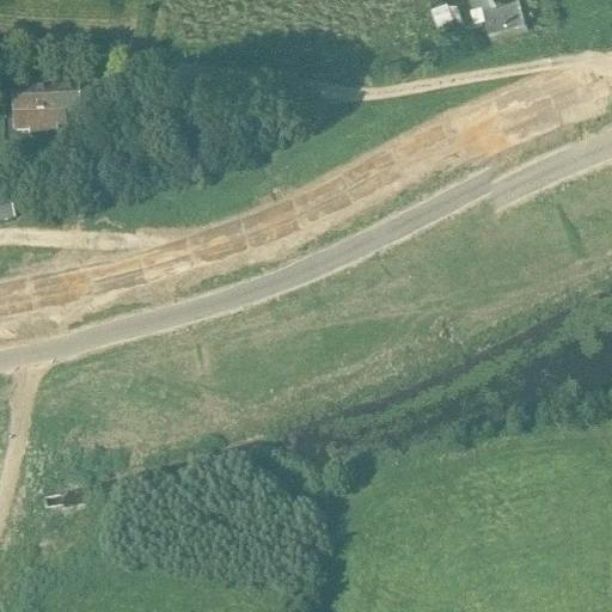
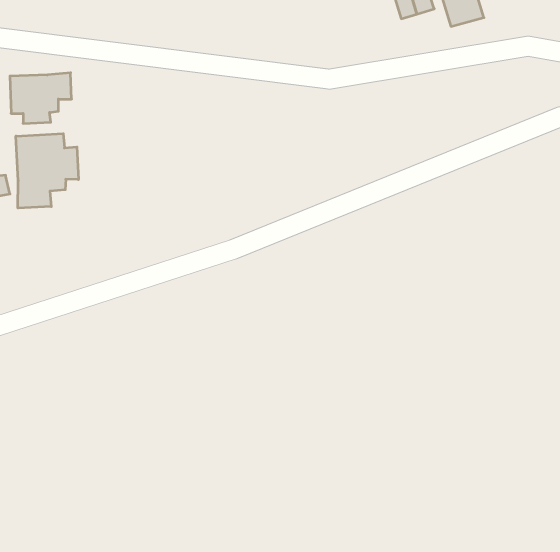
building: none -> [16,134,78,208]

